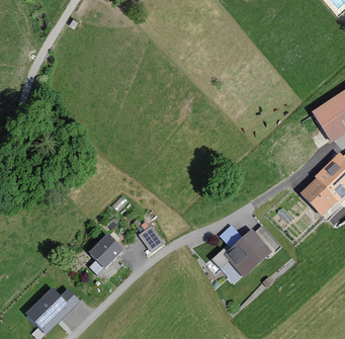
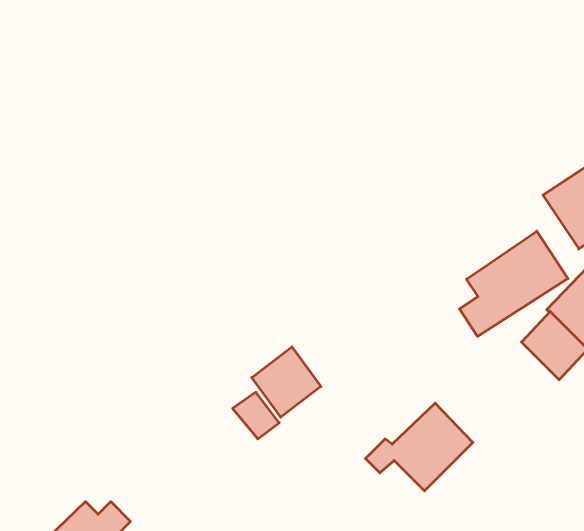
building: none -> [459,231,568,336]
building: none -> [252,347,321,417]
building: [87,236,123,272] -> none

